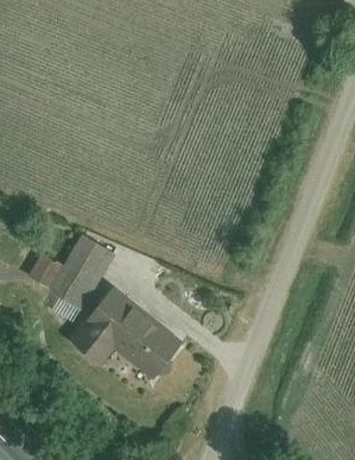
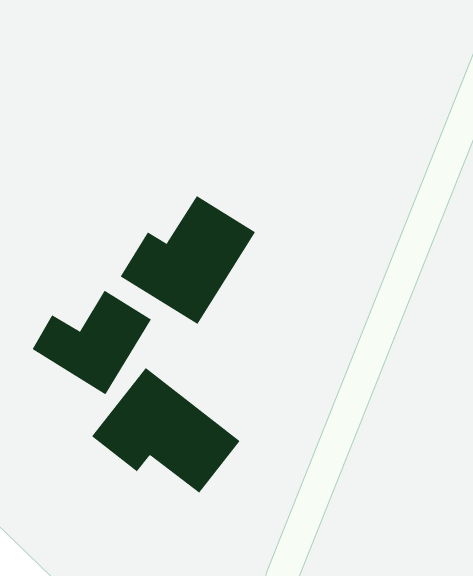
building: none -> [120,195,256,325]

